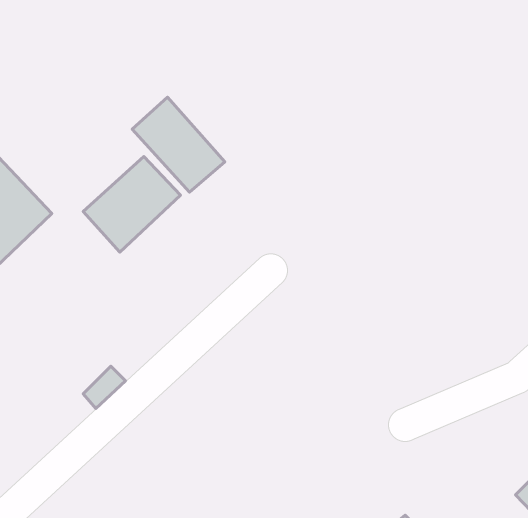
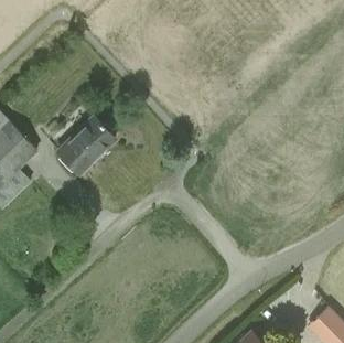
building: [132,97,225,192] -> none

